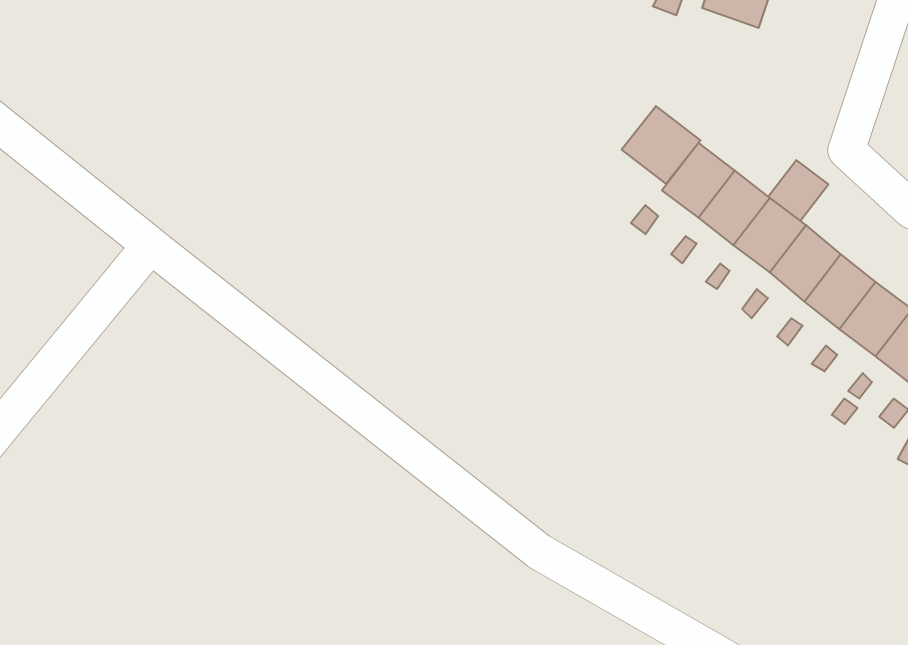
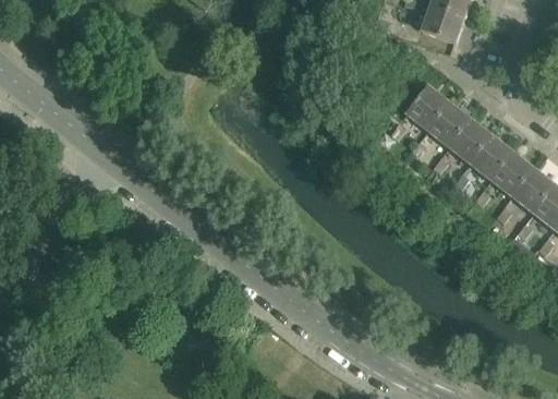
building: none -> [421,5,463,43]
building: [622,106,700,184] -> none
building: [768,160,828,221] -> none

